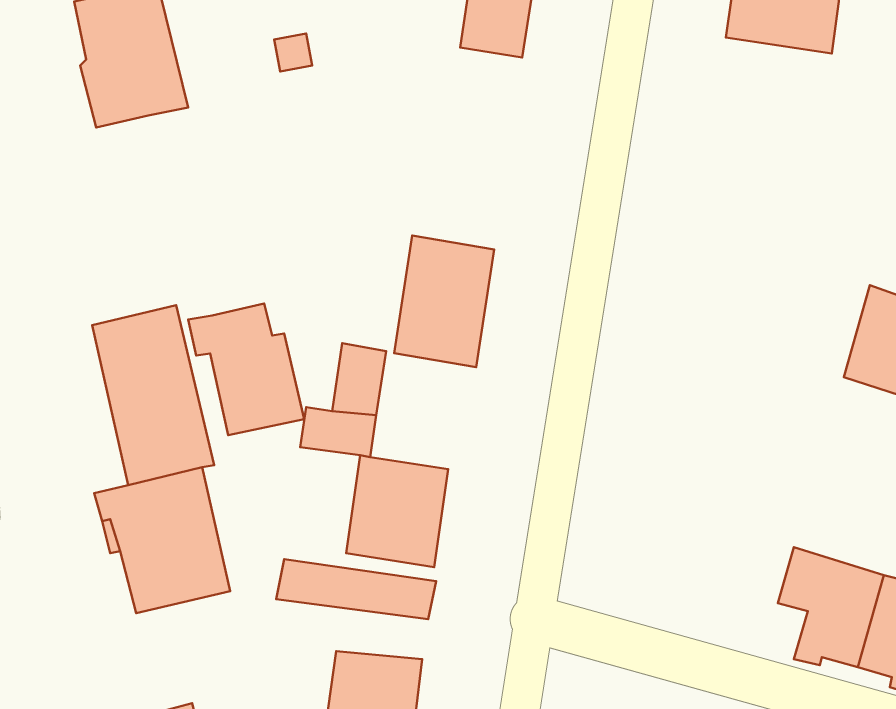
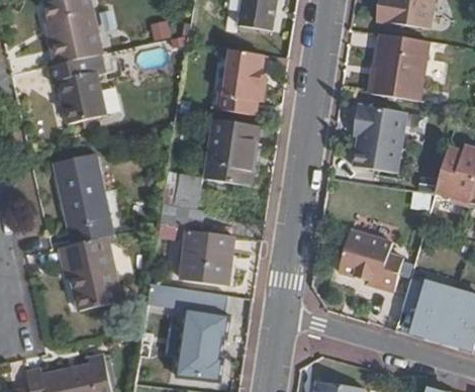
building: none -> [369,32,428,99]
building: none -> [219,48,271,115]
building: none -> [353,103,405,171]
building: [188,303,304,435] -> [44,59,103,125]
building: none -> [340,228,401,289]

